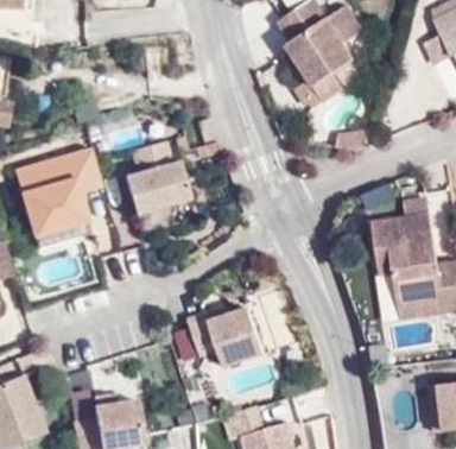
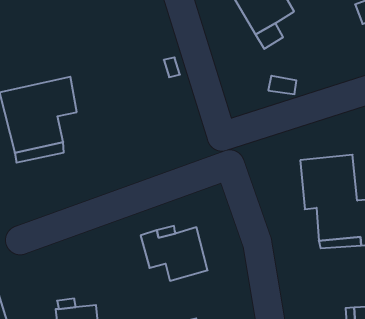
building: [137,135,203,209] -> none

